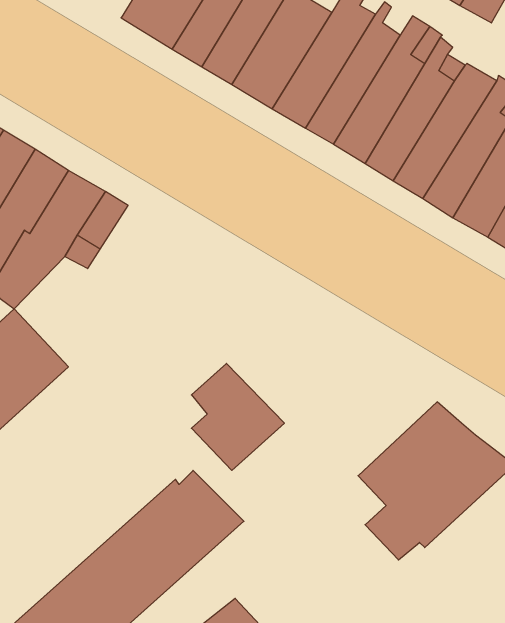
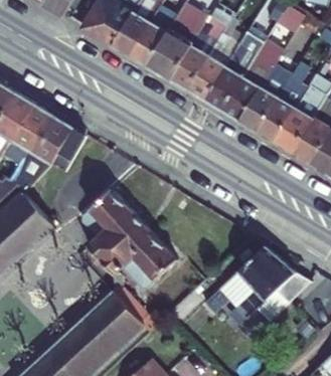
building: none -> [81,192,143,271]

